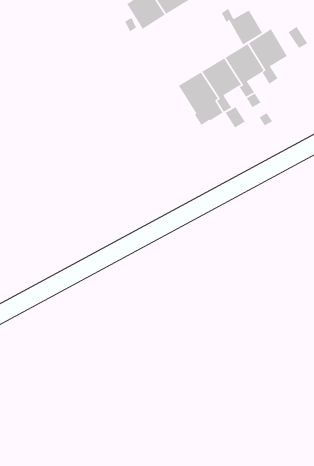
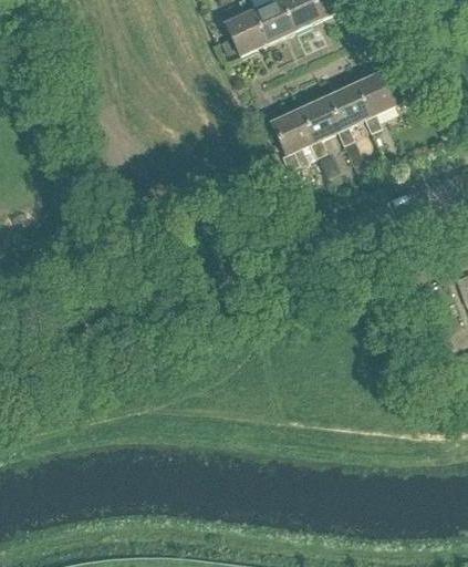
building: [221,8,263,45] -> none

